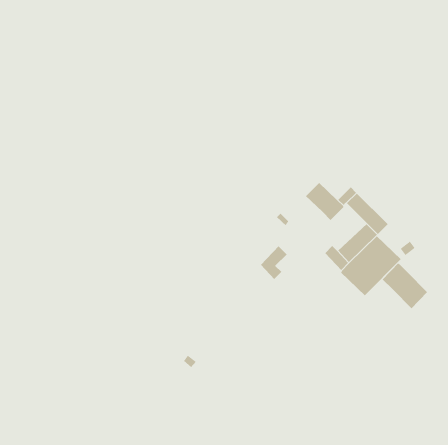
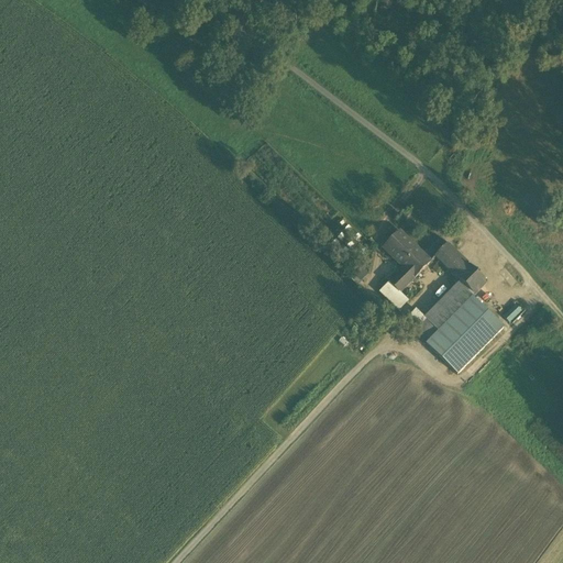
building: [260,246,287,280] -> [380,266,415,309]
building: [382,263,428,309] -> none

